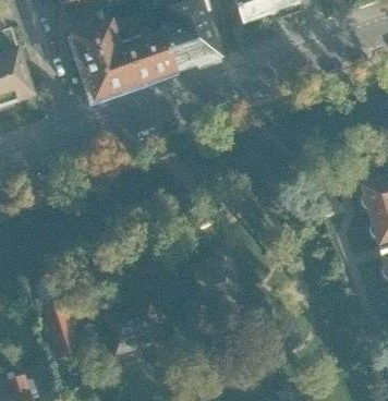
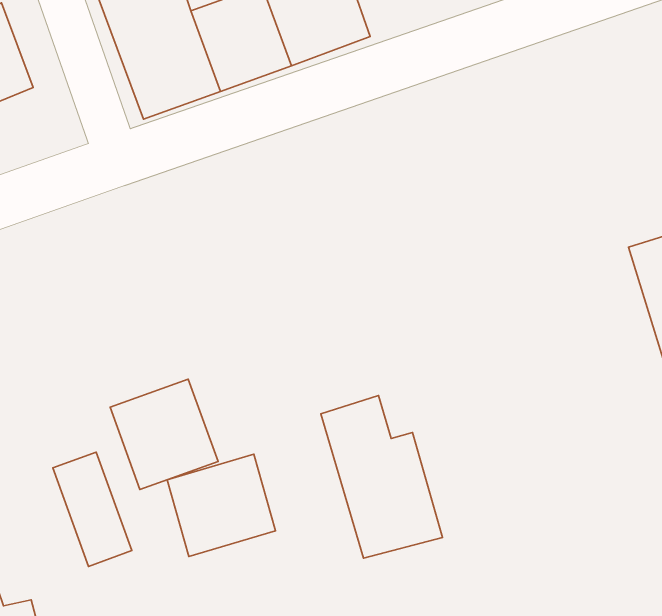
building: none -> [110,379,218,490]
building: none -> [321,395,442,558]

